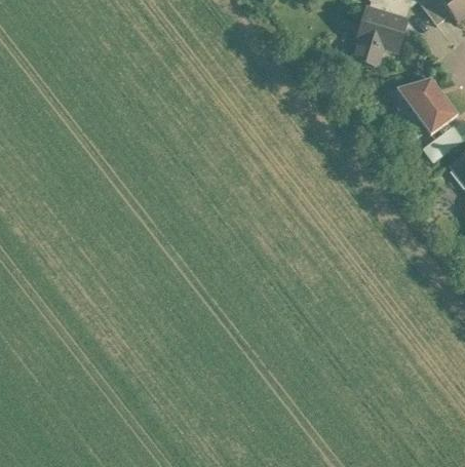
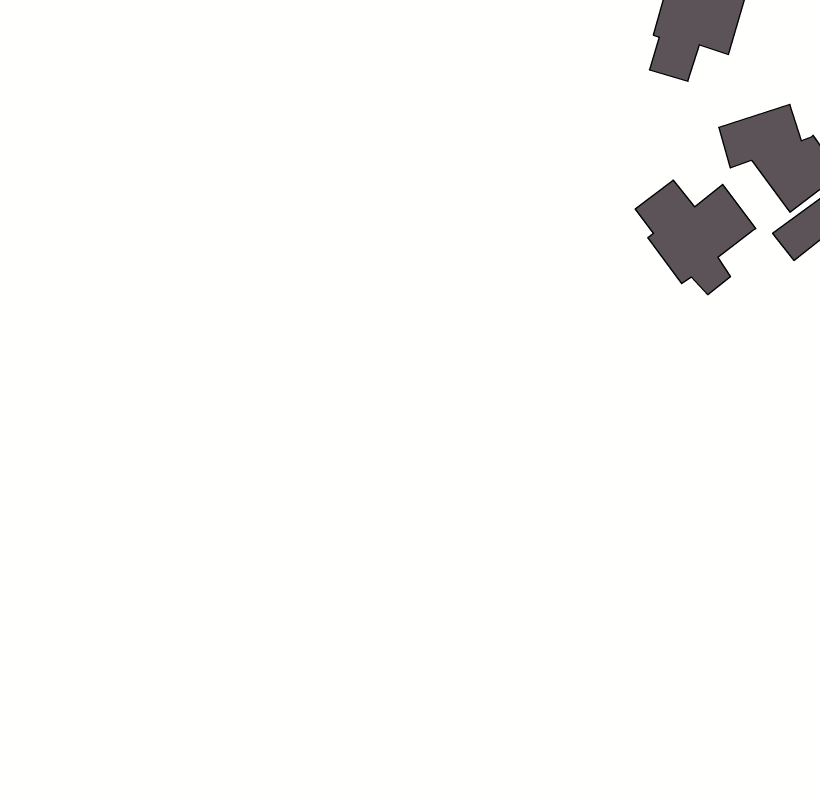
building: none -> [635,180,756,295]

